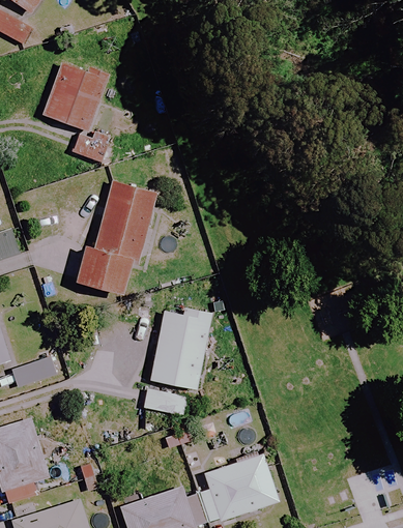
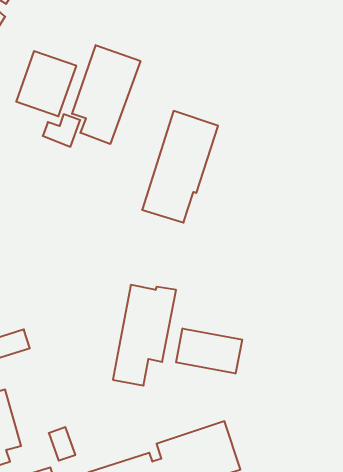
building: none -> [72,45,140,144]
building: [79,178,159,295] -> [142,111,218,223]
building: none -> [176,328,242,374]

